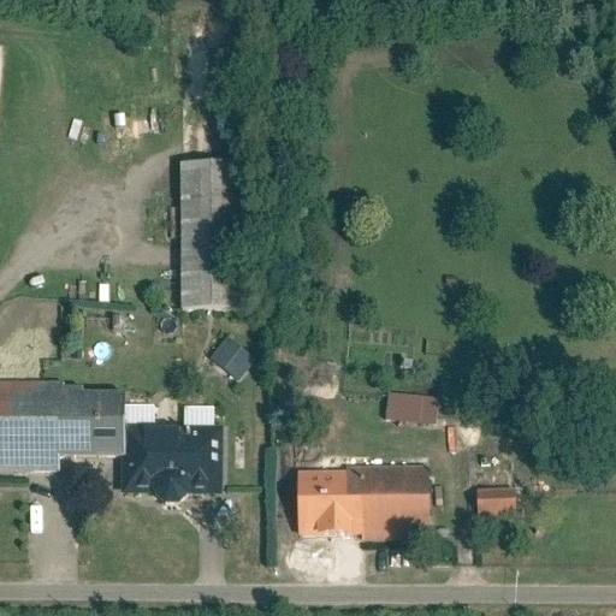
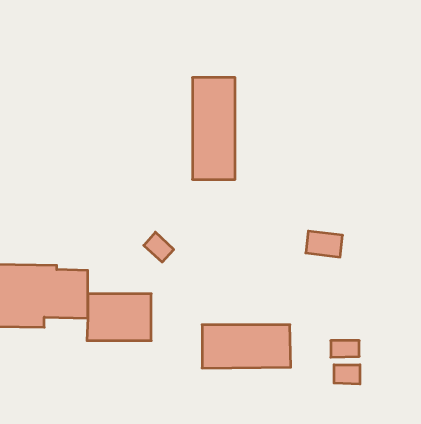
building: [178,158,239,304] -> [192,78,235,179]
building: [386,392,439,430] -> [306,231,343,257]
building: none -> [334,365,360,384]

